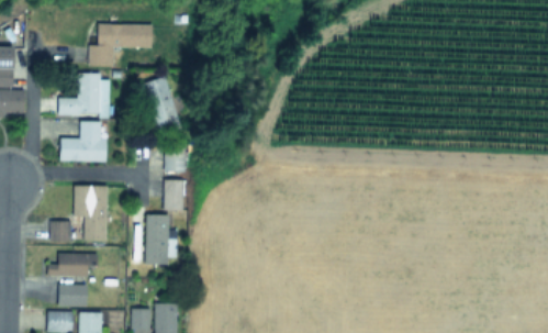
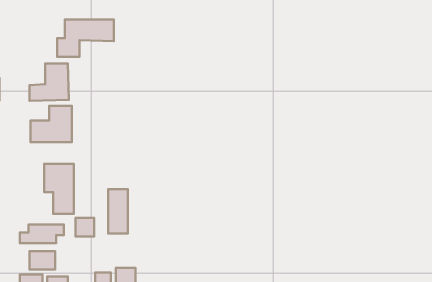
building: [143,76,181,132] -> none
building: [165,146,188,173] -> none
building: [165,179,186,211] -> none
building: [51,221,71,242] -> [75,218,94,237]

